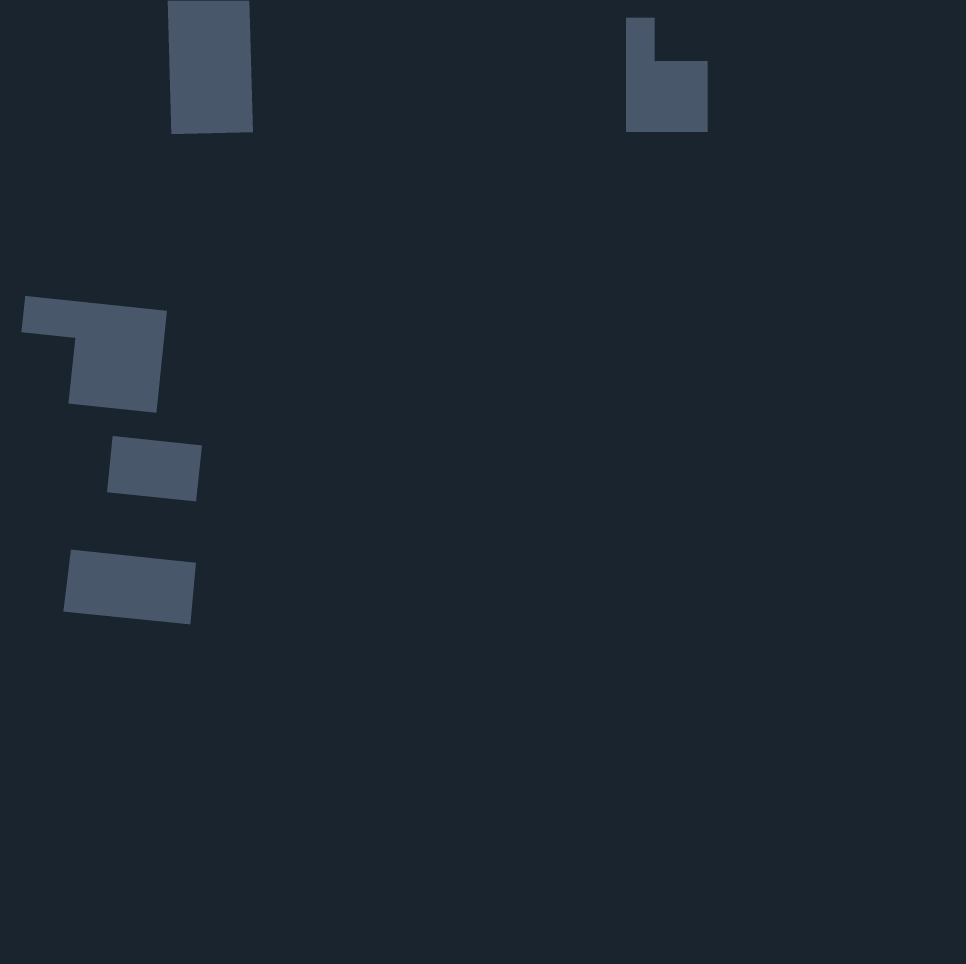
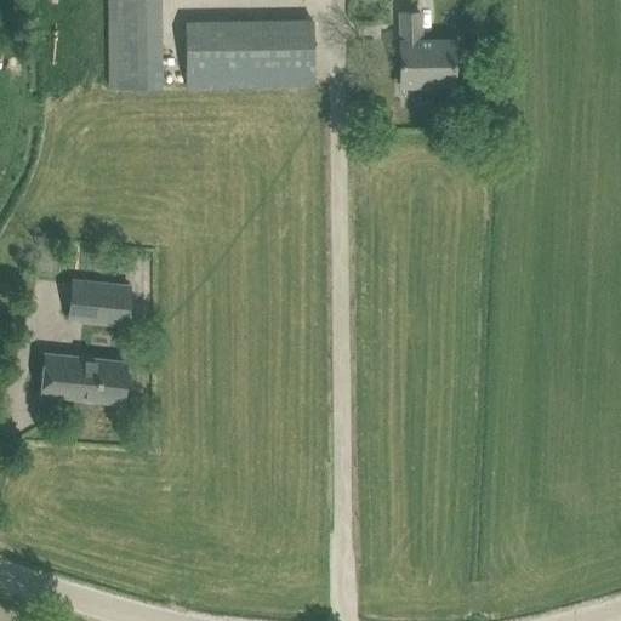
building: none -> [186,21,314,87]
building: [21,295,167,413] -> none

